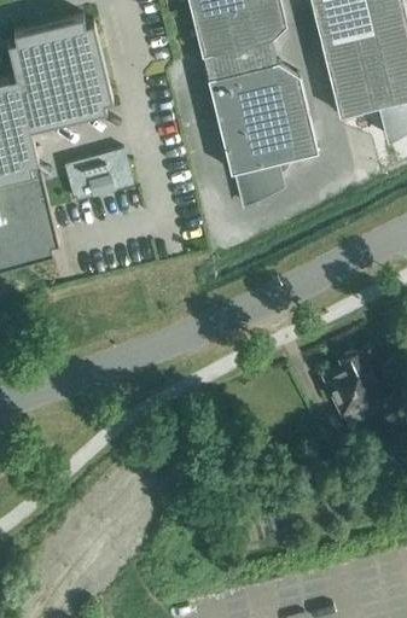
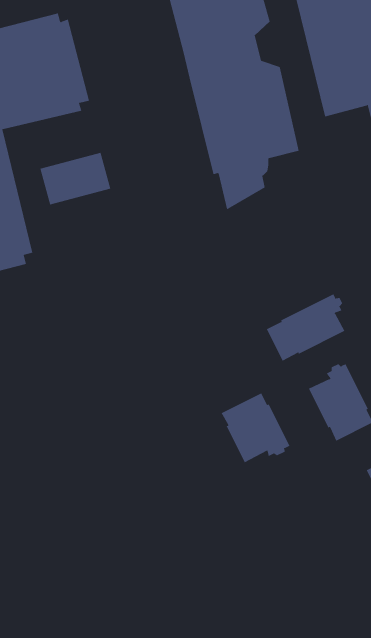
building: none -> [266,294,345,361]
building: none -> [221,393,290,463]

